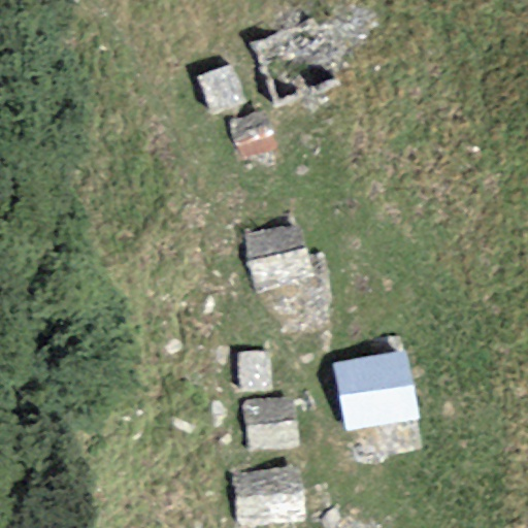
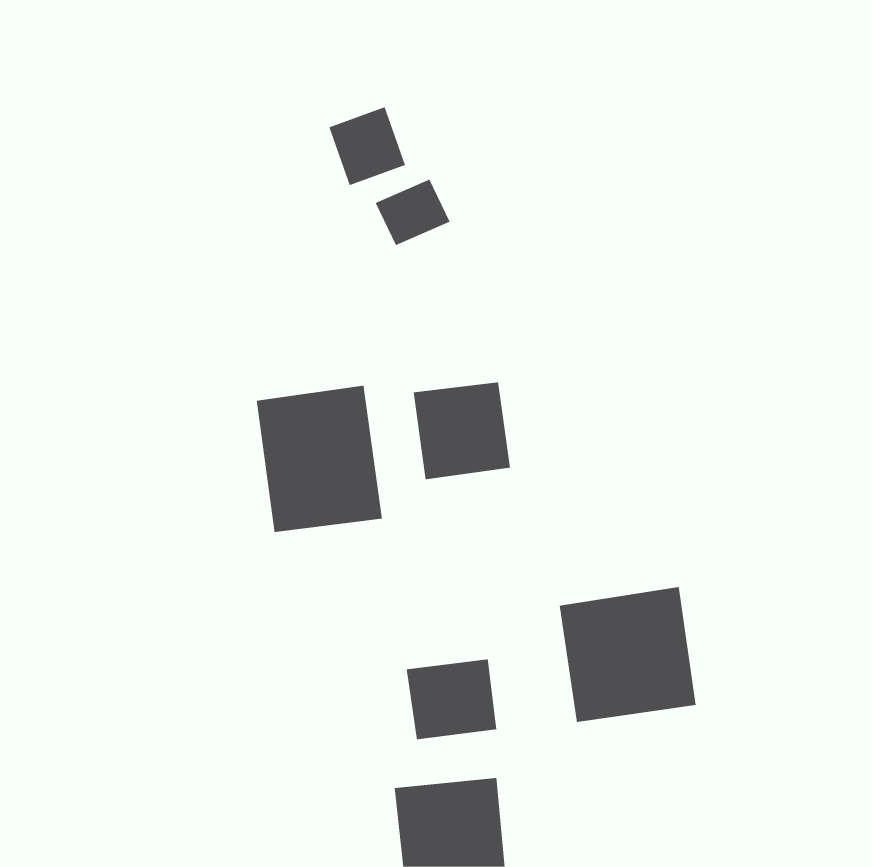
building: none -> [256,385,383,533]

